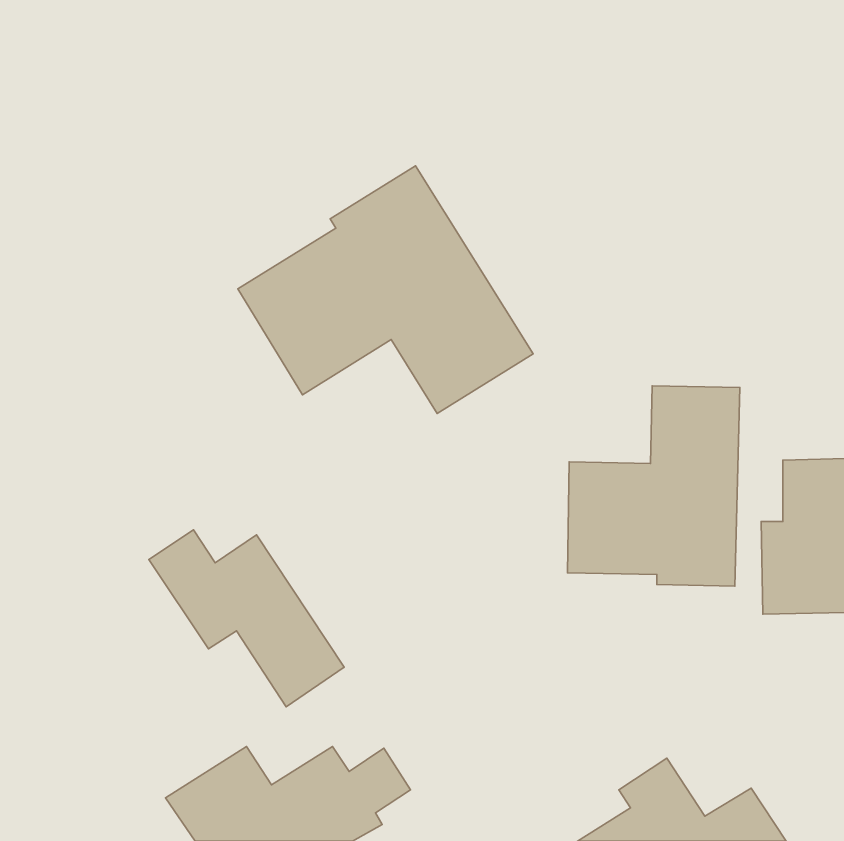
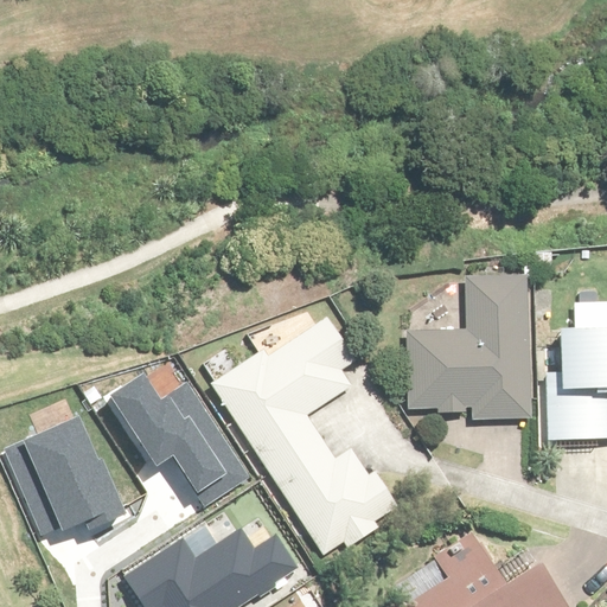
building: [238,166,533,413] -> none
building: none -> [215,314,394,554]
building: none -> [18,417,114,535]

